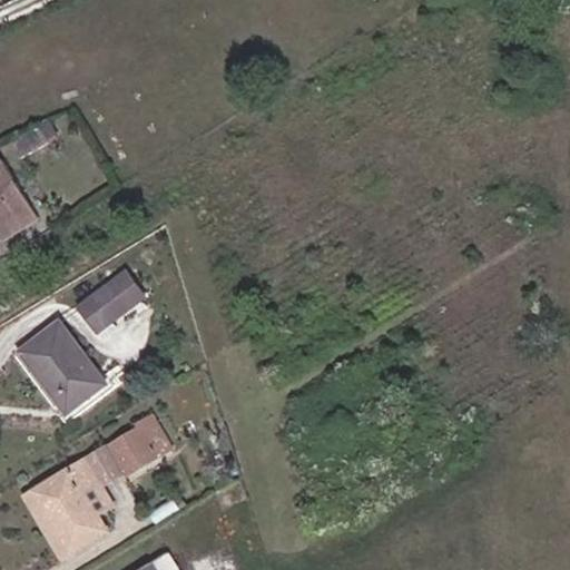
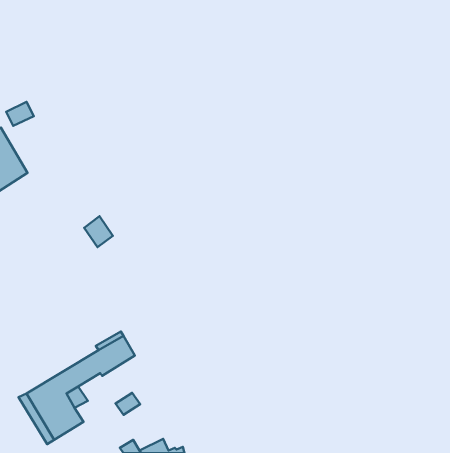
building: [76,286,122,332] -> none
building: [18,322,104,413] -> none

